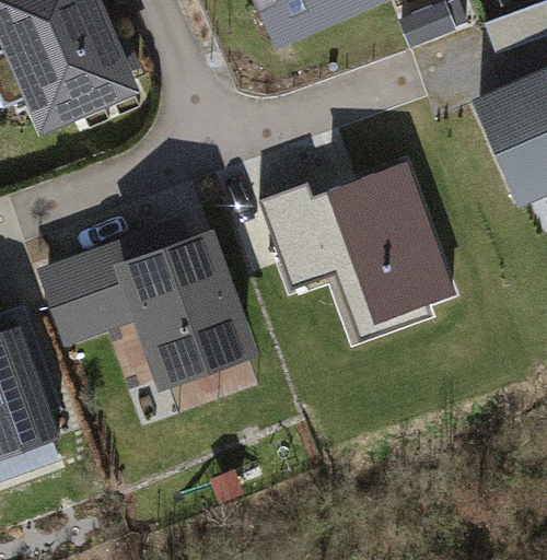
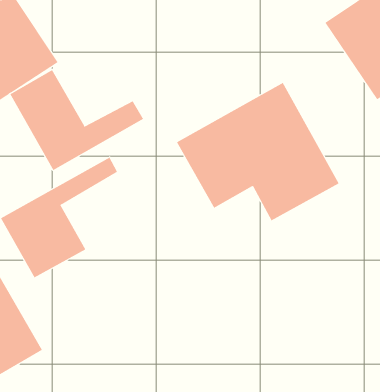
building: none -> [10,69,144,171]
building: [114,229,260,392] -> none

